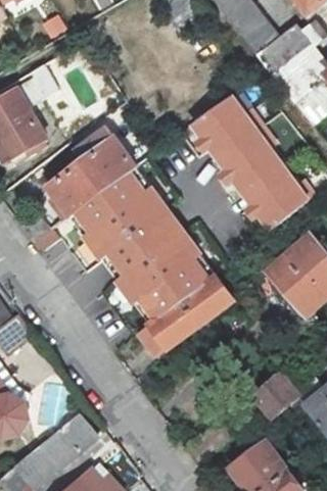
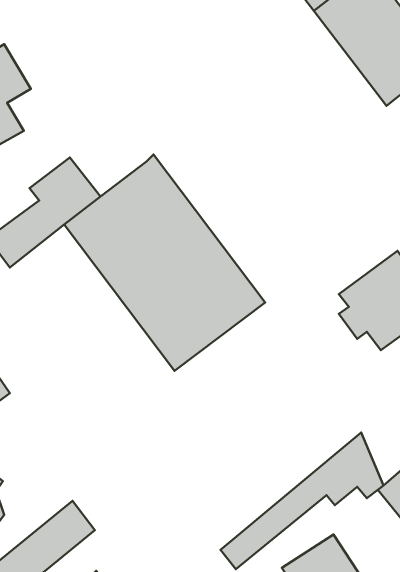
building: [192,94,309,227] -> none
building: [76,137,132,192] -> none
building: [144,269,237,354] -> none

